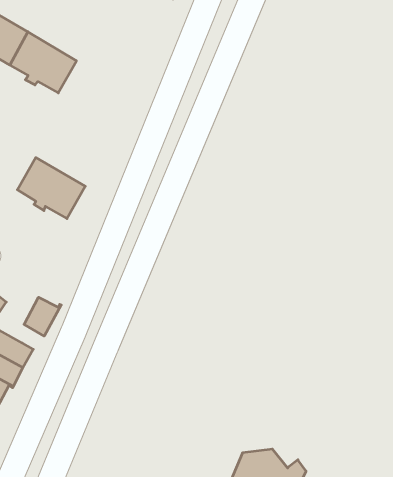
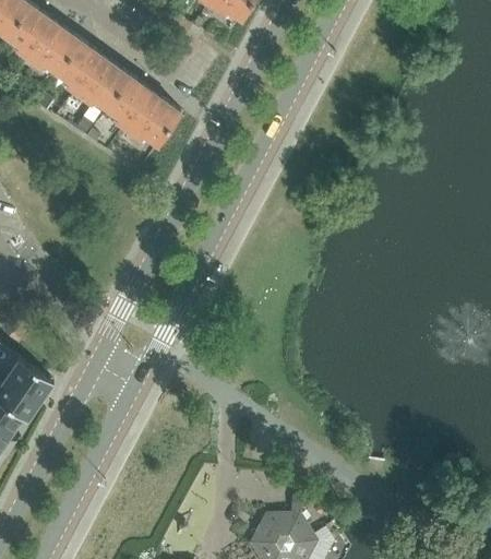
building: [17,158,85,219] -> [106,78,179,146]
building: [24,297,61,336] -> none

